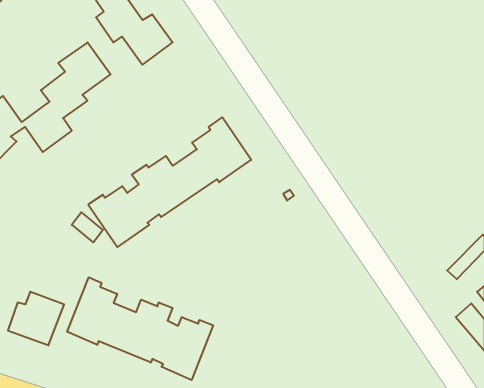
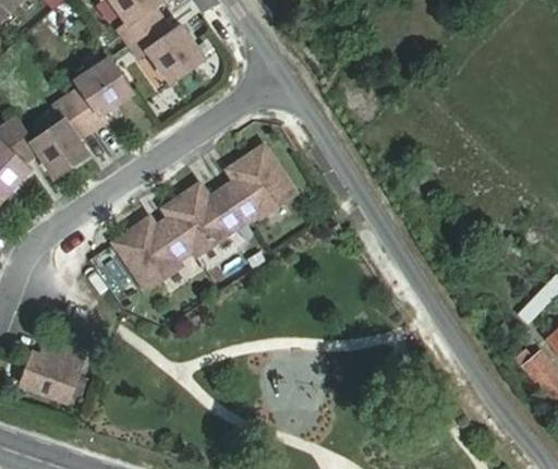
building: [67,277,213,380] -> none

